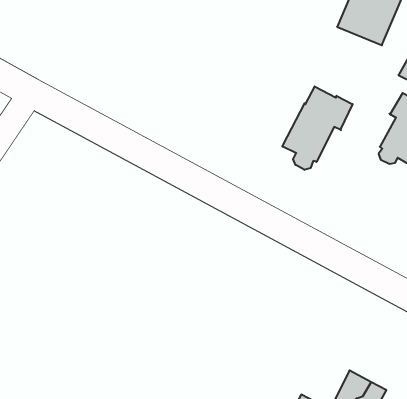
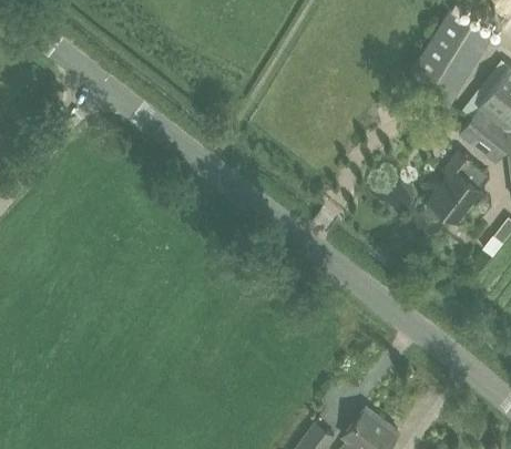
building: [282,86,353,170] -> none

